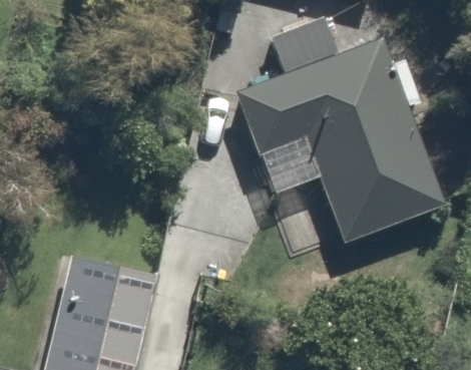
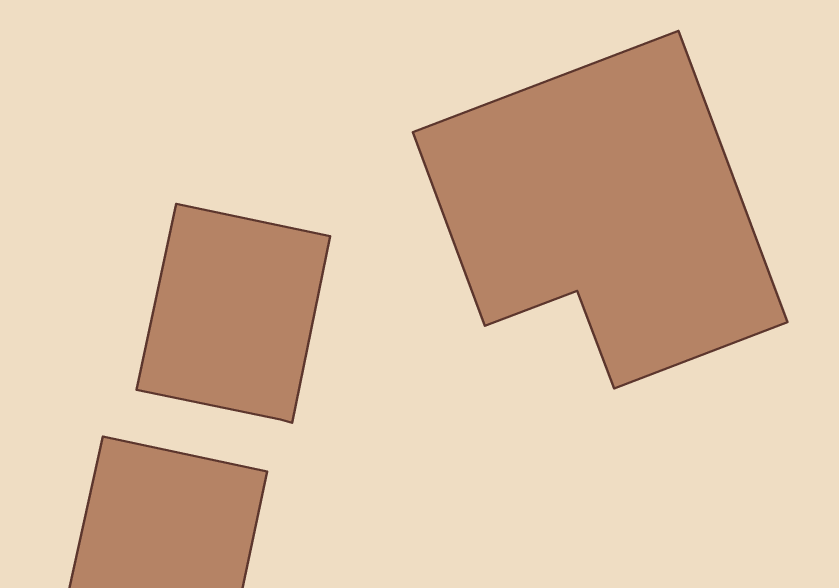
building: none -> [137,204,330,423]

